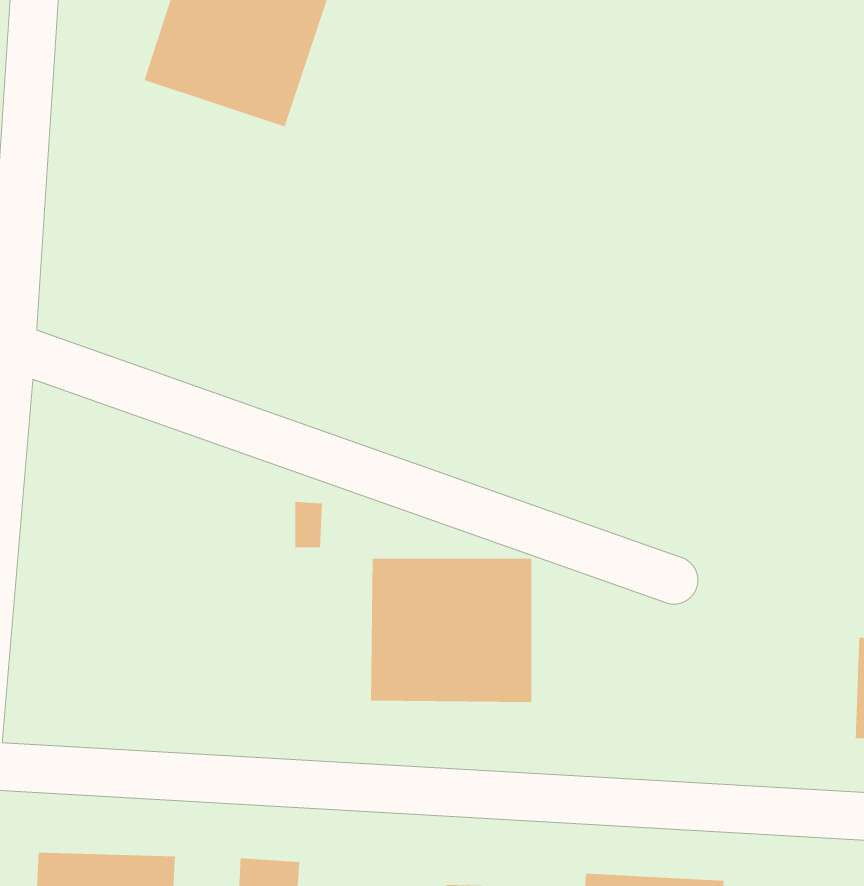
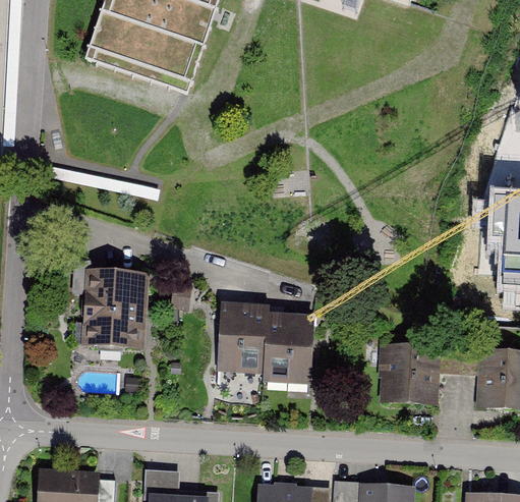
building: none -> [76,270,142,350]
building: none -> [383,349,443,407]

